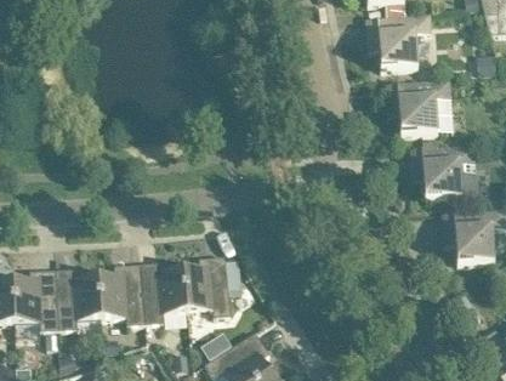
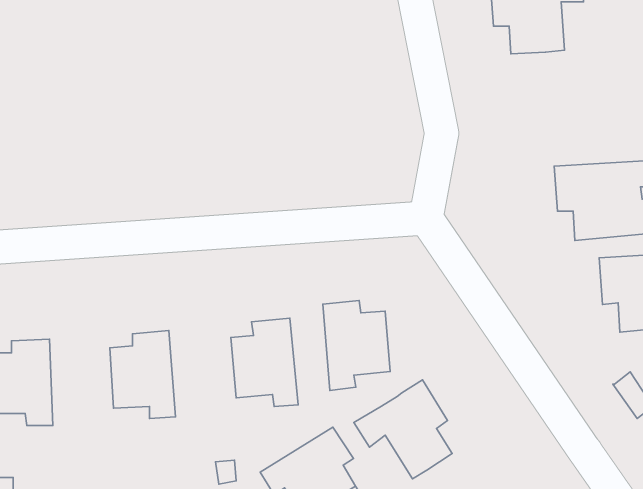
building: [387,79,453,135] -> none
building: [141,261,188,324] -> [323,301,390,391]
building: [57,268,102,330] -> none
building: none -> [354,380,452,479]

